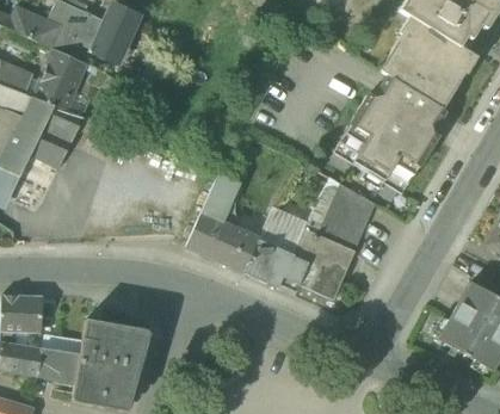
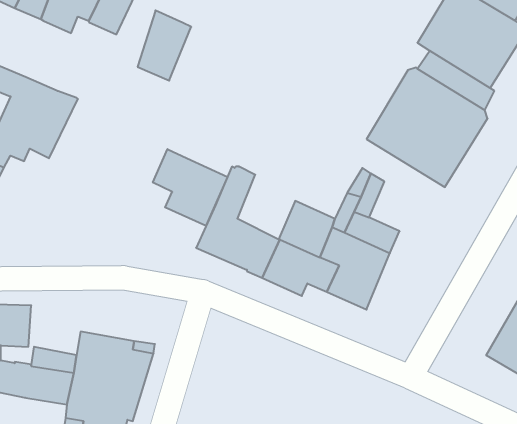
building: [39,49,86,110] -> [138,10,191,81]
building: none -> [153,149,227,226]
building: [338,189,377,231] -> none

